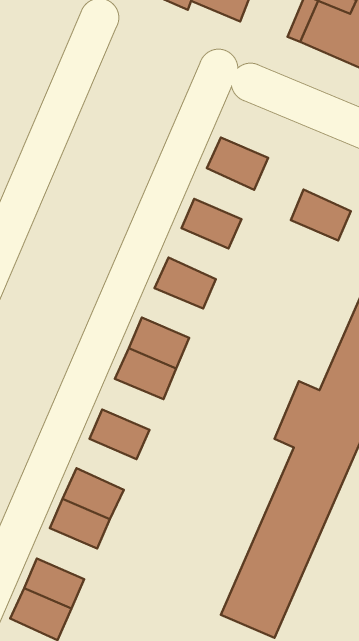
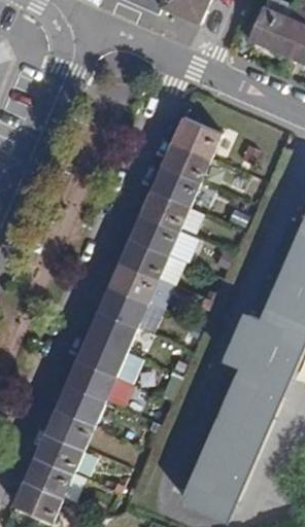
building: [291,189,351,240] -> [162,141,210,182]
building: none -> [141,189,190,231]
building: none -> [120,238,169,278]
building: none -> [88,311,137,352]
building: none -> [67,359,115,400]
building: none -> [35,431,83,472]

